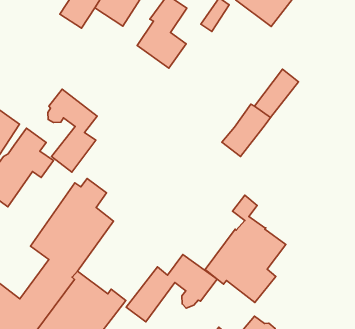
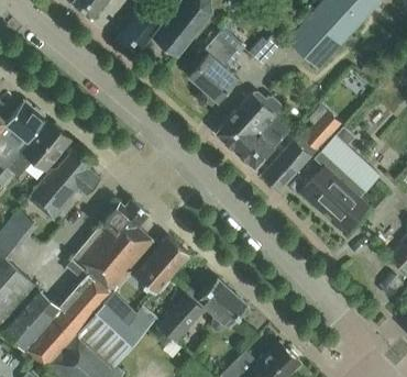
building: none -> [217,93,292,169]
building: [48,89,97,172] -> none
building: [205,195,286,302] -> [300,125,380,229]
building: none -> [133,236,189,293]

